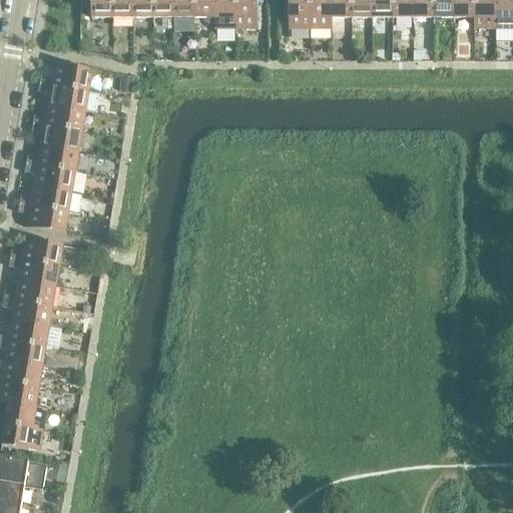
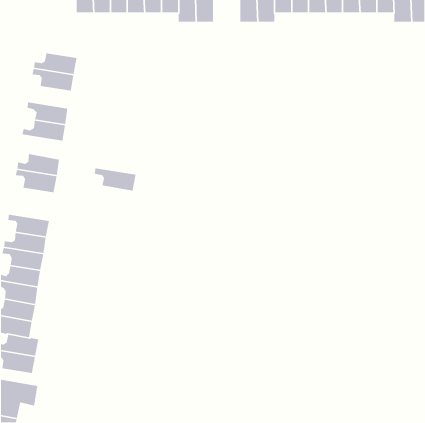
building: [33,104,86,130] -> none
building: [25,162,76,191] -> [94,167,136,192]
building: [10,237,63,266] -> none

